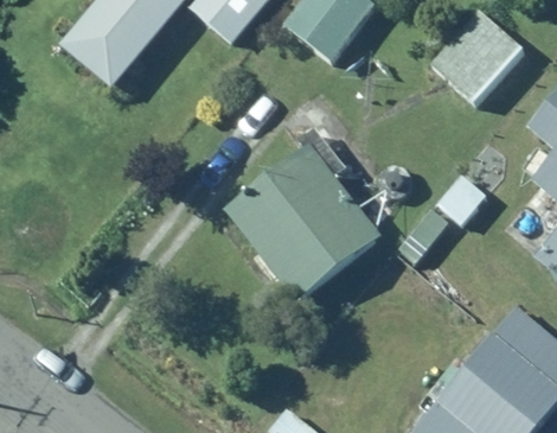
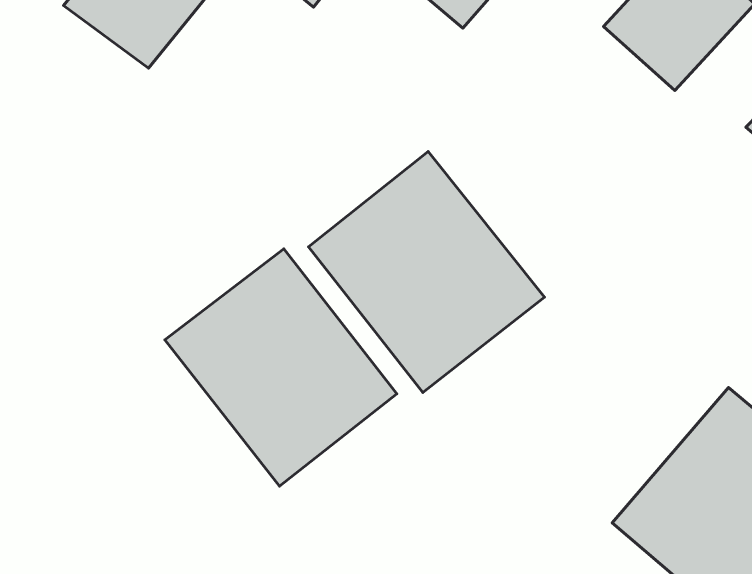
building: none -> [165,249,397,486]

